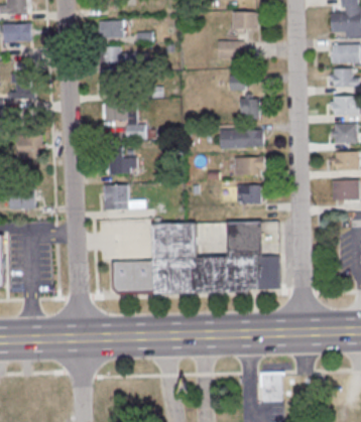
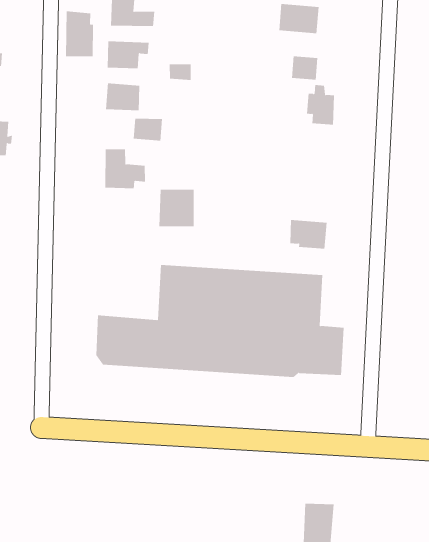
building: none -> [65,11,94,57]
building: [220,130,264,149] -> none
building: [234,156,265,176] -> none
building: [104,184,129,212] -> [158,189,195,227]

